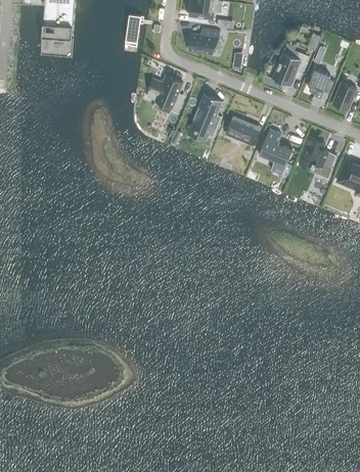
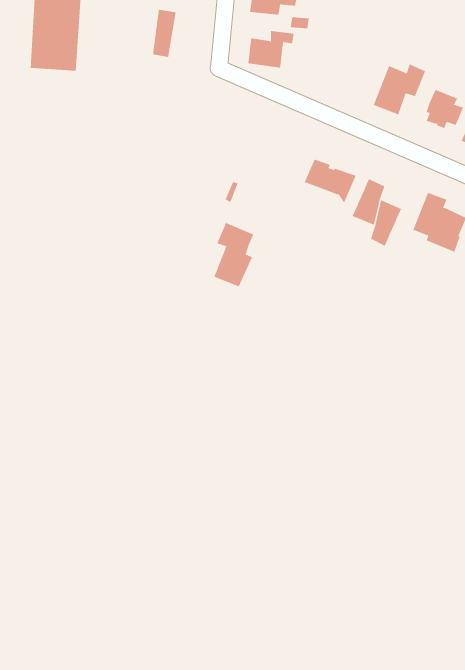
building: [147,76,182,113] -> none
building: [194,93,222,137] -> [213,222,254,287]

